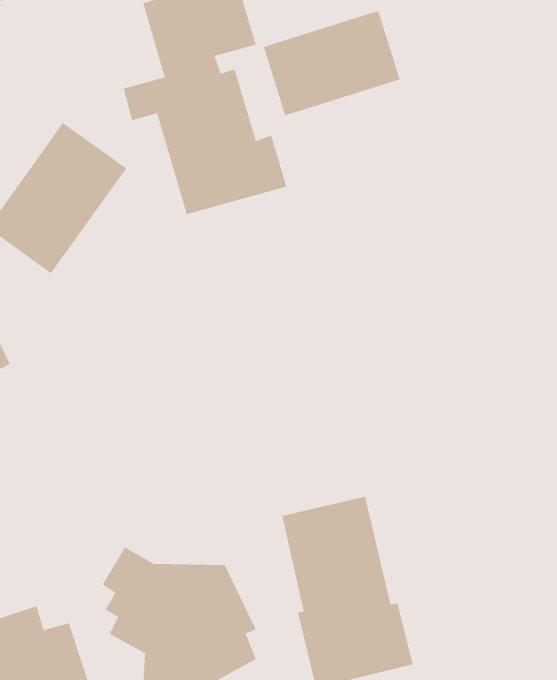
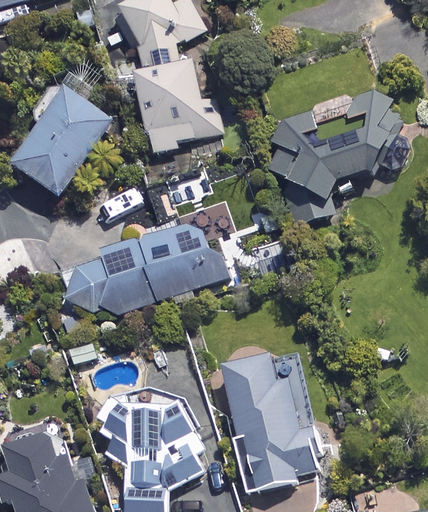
building: [263,10,400,116] -> none
building: none -> [263,87,402,225]
building: none -> [62,218,229,328]

